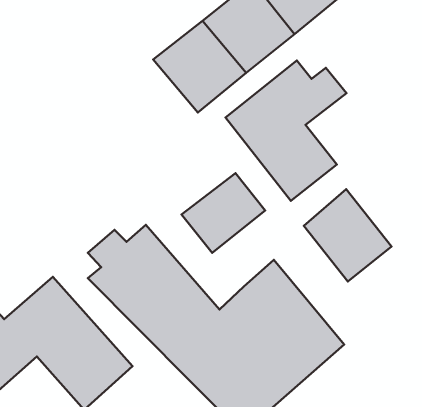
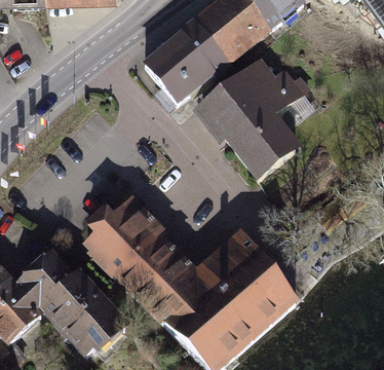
building: [182,173,265,253] -> none
building: [304,189,391,282] -> none

